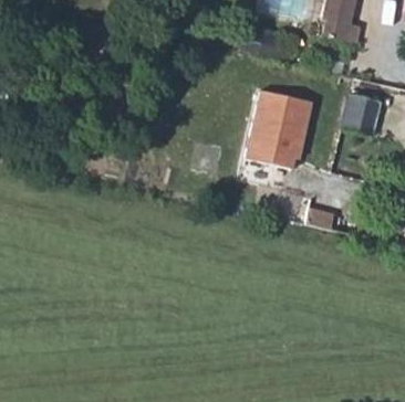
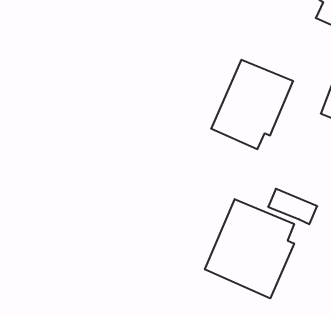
building: none -> [205,199,294,298]

